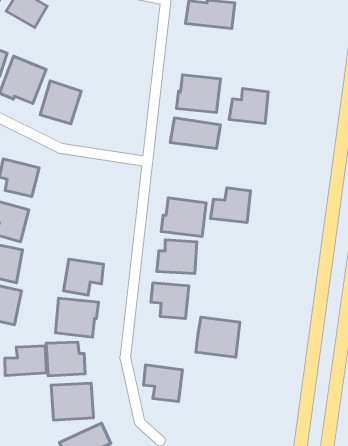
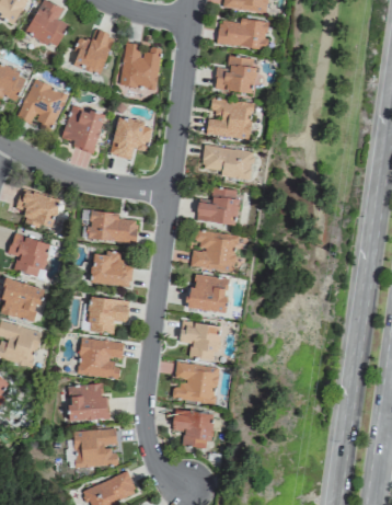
building: none -> [72,31,115,74]
building: none -> [120,42,161,90]
building: [229,89,268,123] -> [215,56,256,93]
building: none -> [109,117,153,160]
building: none -> [89,210,138,243]
building: [210,188,250,223] -> [196,187,239,225]
building: none -> [91,252,132,287]
building: [196,317,240,357] -> [172,361,219,404]
building: [5,346,47,376] -> none

